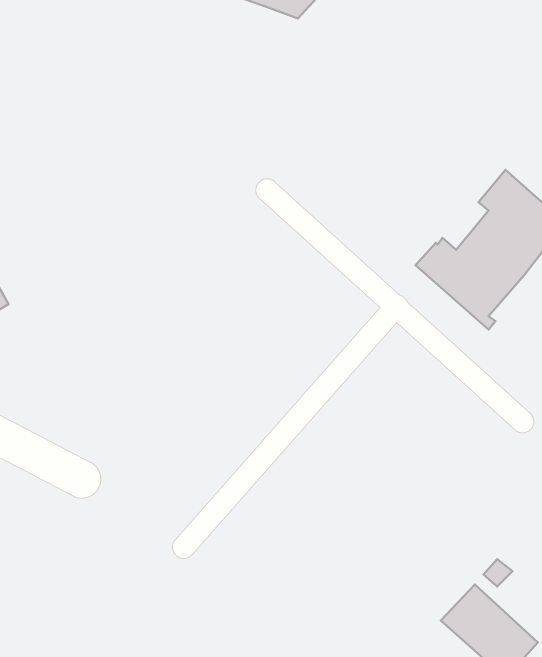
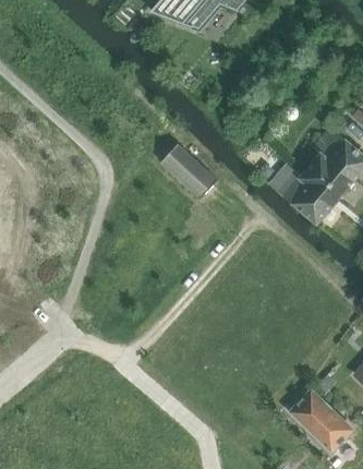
building: none -> [160,144,216,197]

